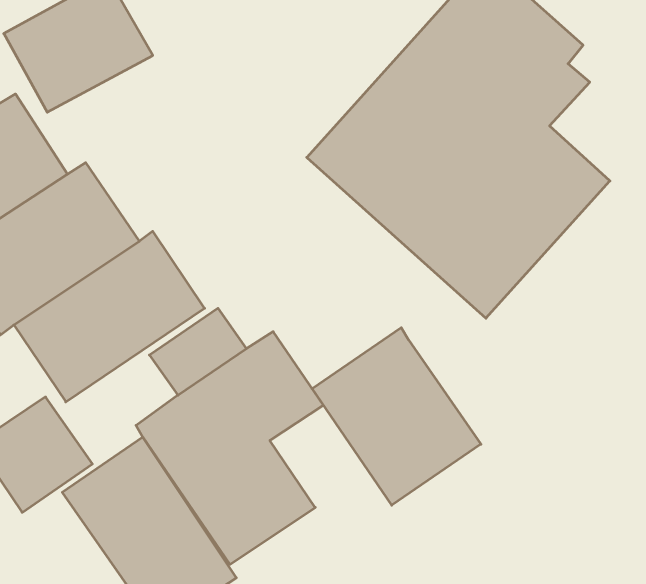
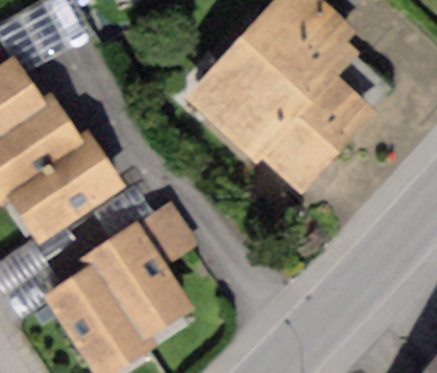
building: [312,328,481,505] -> none

